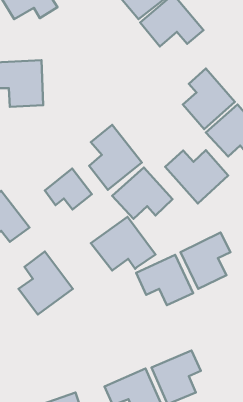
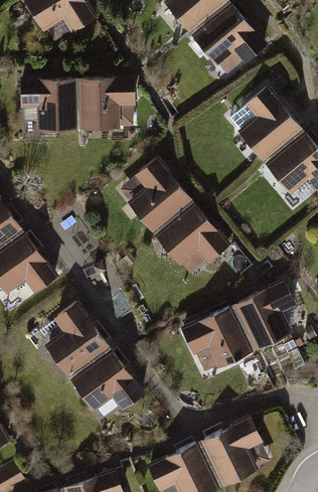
building: none -> [78,77,133,128]
building: [165,150,228,203] -> none
building: [45,169,92,209] -> none
building: [91,217,155,271] -> [66,351,143,415]

